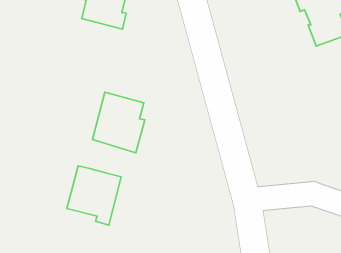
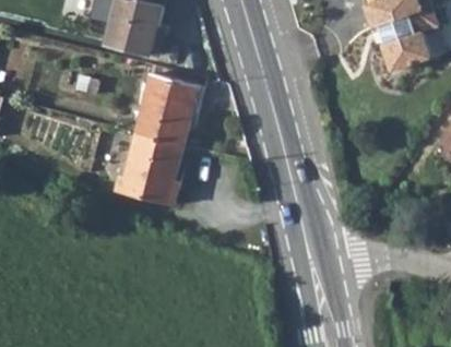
building: none -> [133,74,202,145]
building: [67,166,121,225] -> none

